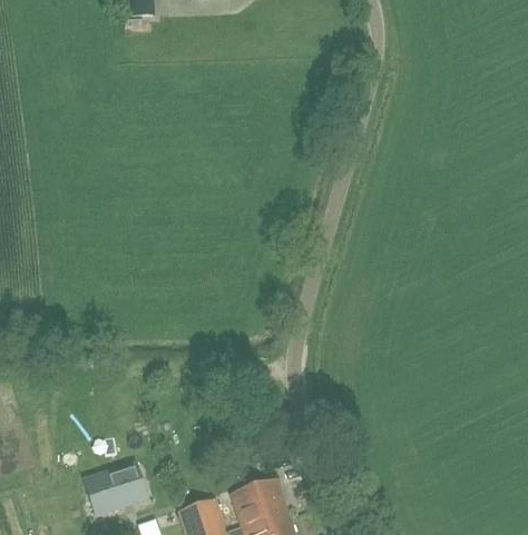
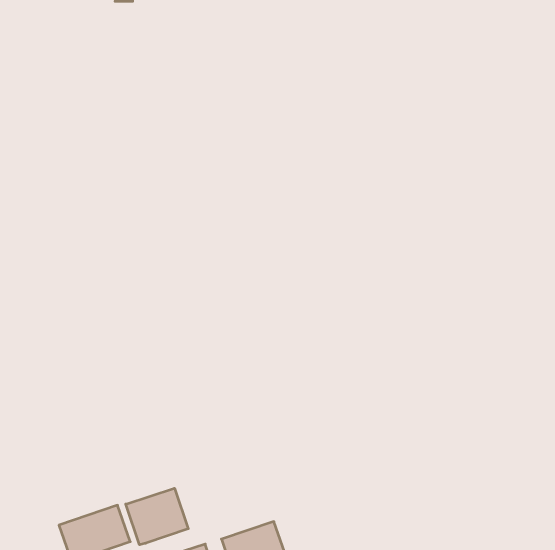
building: none -> [126,488,188,545]

